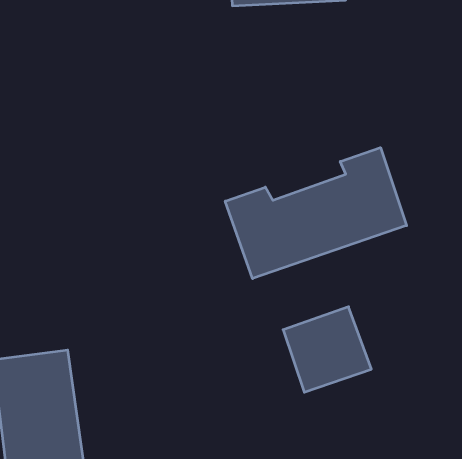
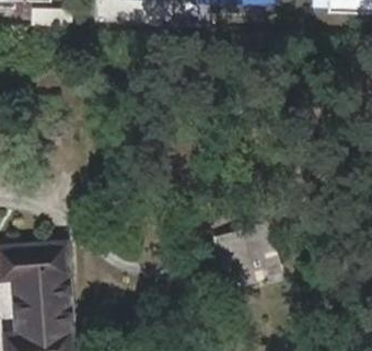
building: [225,148,407,279] -> none

